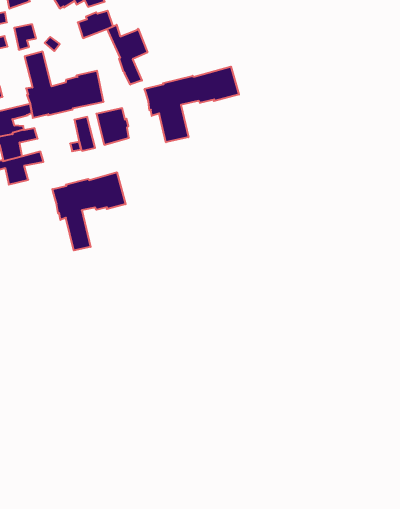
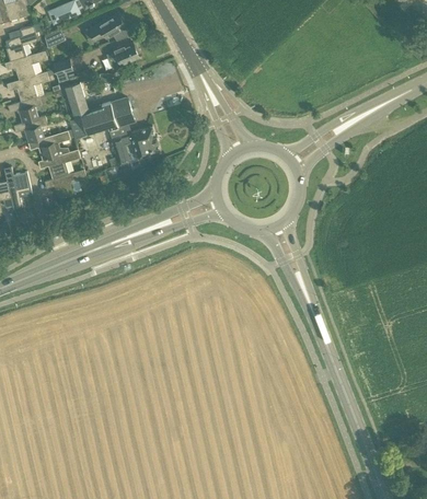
building: [107,25,147,85] -> none
building: [145,67,239,142] -> none
building: [52,172,126,250] -> none

